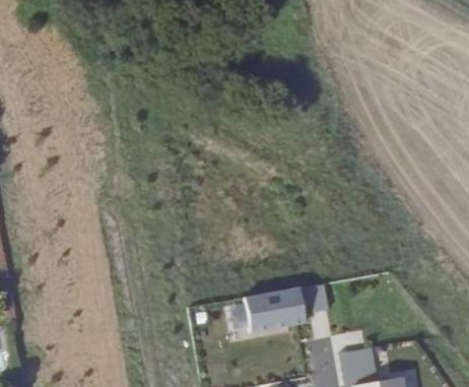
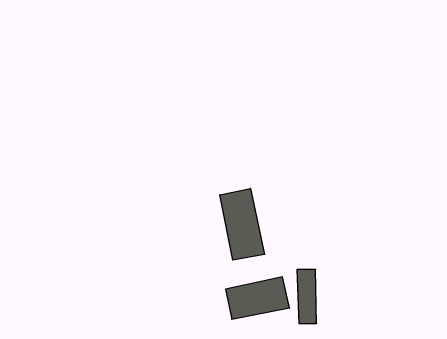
building: none -> [220,188,265,260]

